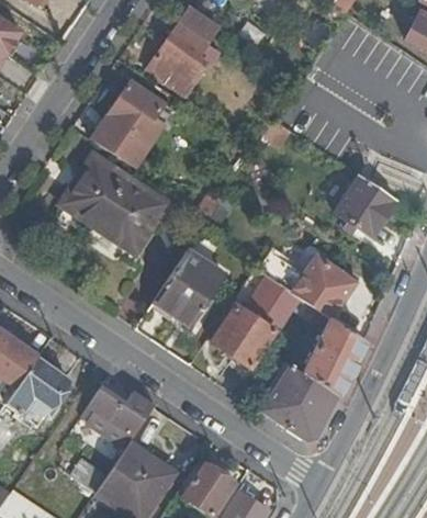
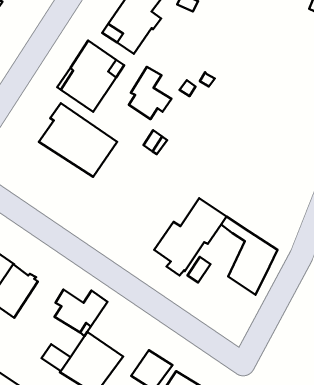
building: none -> [129,67,171,119]
building: [334,176,395,237] -> none
building: [153,250,224,324] -> none
building: [266,250,353,317] -> none
building: [259,364,337,438] -> none

